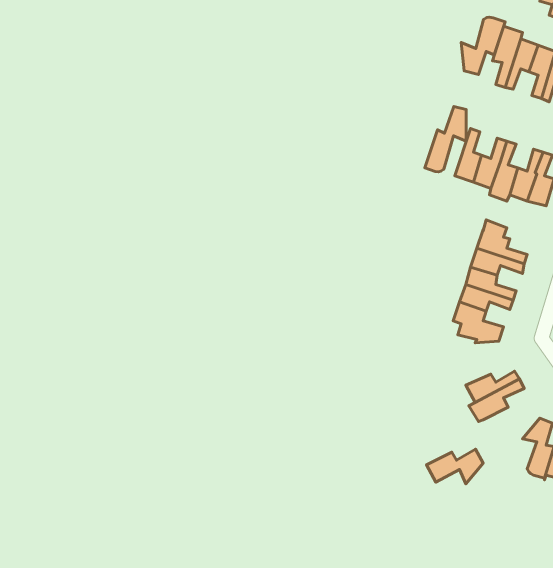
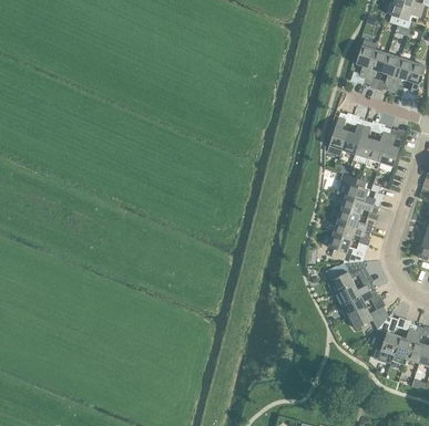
building: [461,17,505,74] -> none
building: [425,107,466,172] -> none
building: none -> [328,261,366,292]
building: [426,449,483,484] -> [349,305,389,330]

